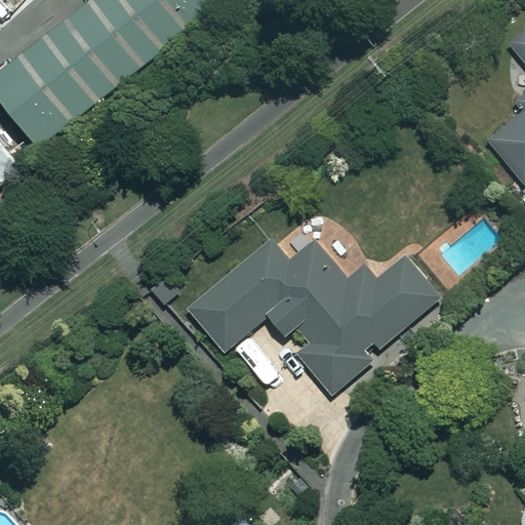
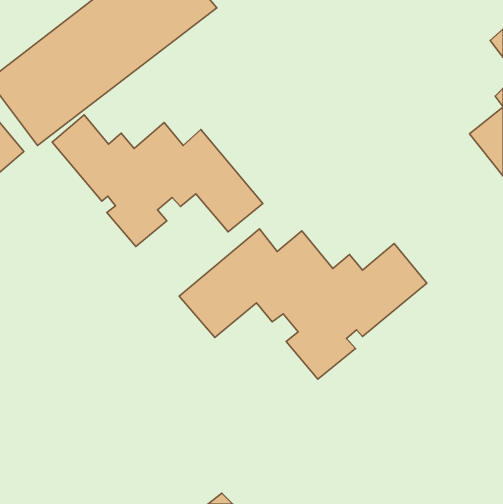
building: none -> [52,115,263,247]

